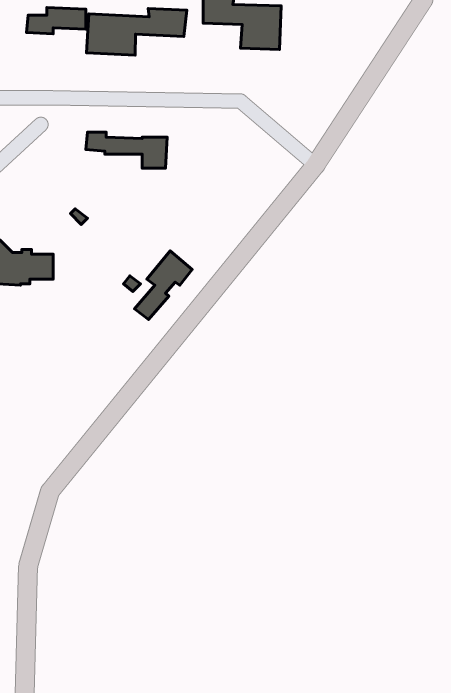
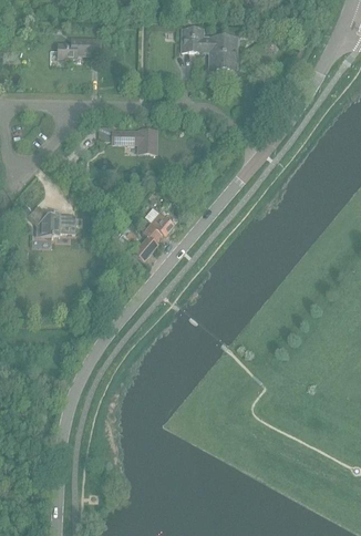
building: [87,8,187,55] -> none

